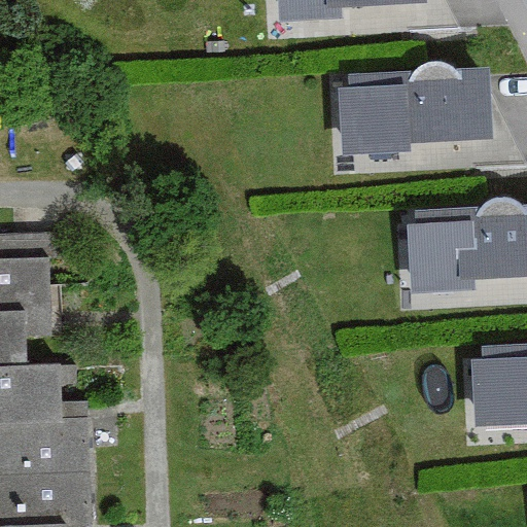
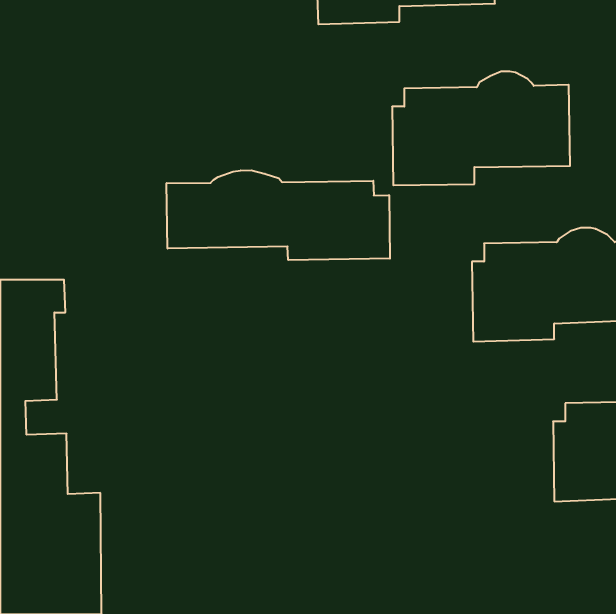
building: none -> [167,170,390,260]

